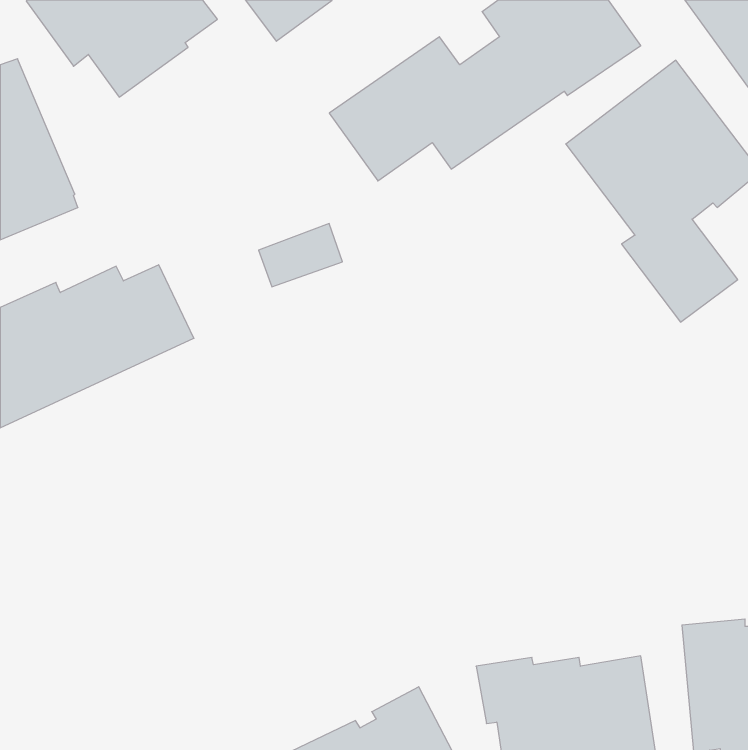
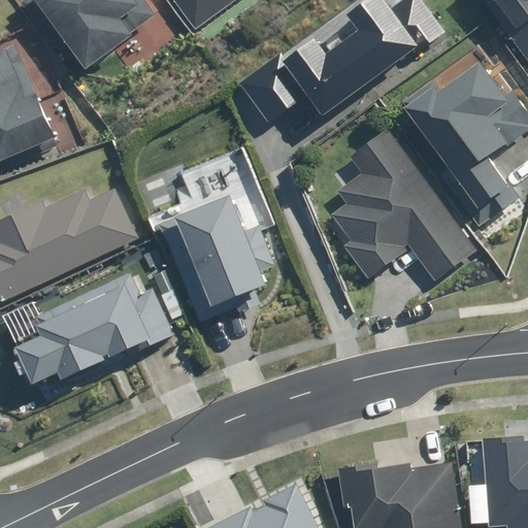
building: none -> [323,127,475,282]
building: none -> [157,194,272,321]
building: none -> [12,272,173,384]

